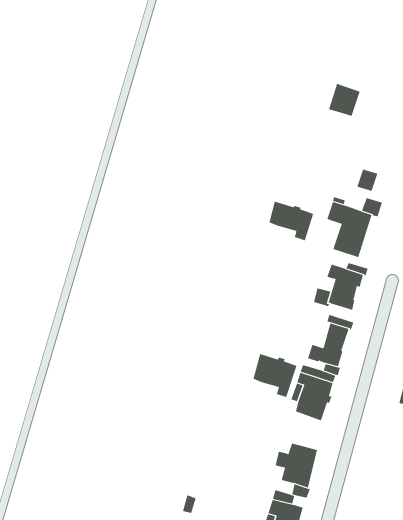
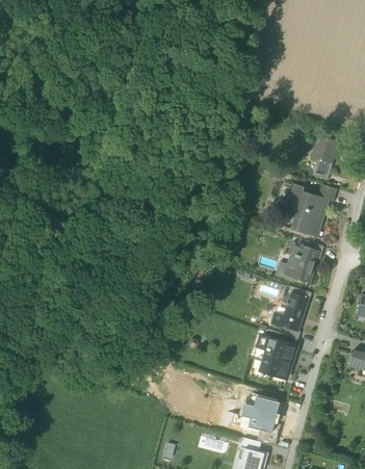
building: [328,83,360,117] -> [311,135,339,164]
building: [269,201,314,241] -> none
building: [253,353,297,398] -> none

